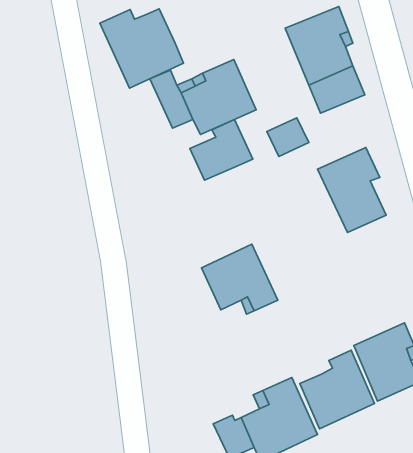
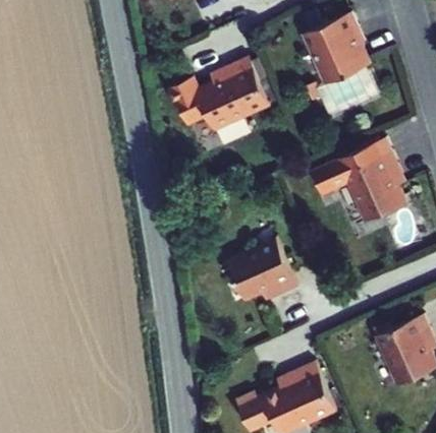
building: [100,9,183,88] -> none
building: [267,118,309,156] -> [309,163,348,199]
building: [190,120,253,180] -> none
building: [300,350,374,429] -> none

